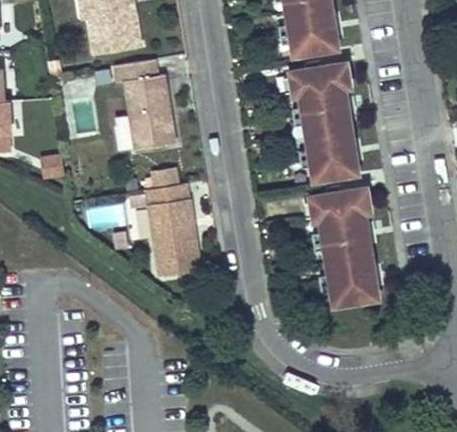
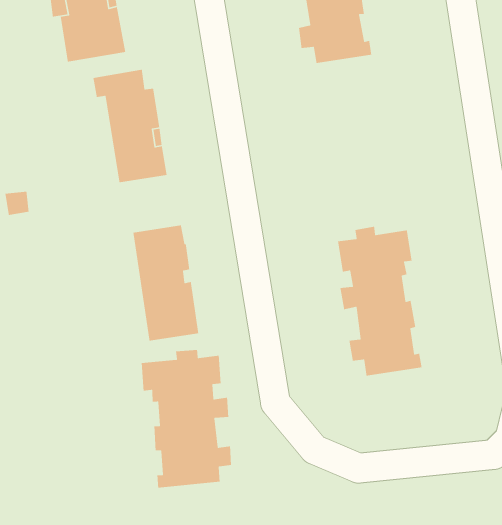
building: [291,60,359,180] -> none
building: none -> [141,349,232,488]

